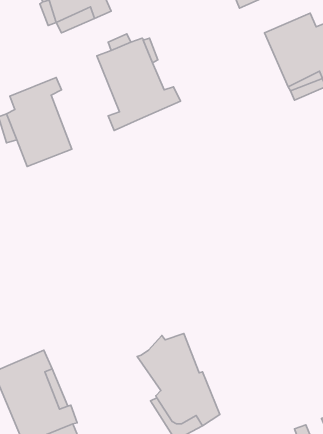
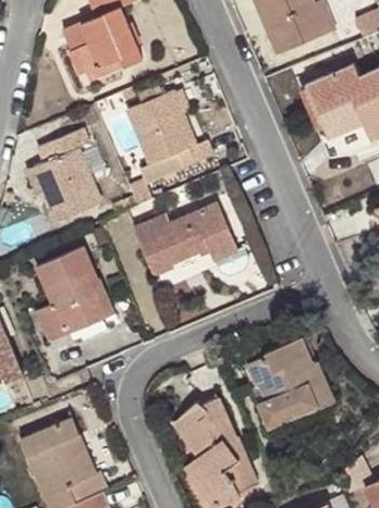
building: none -> [134,203,236,277]
building: none -> [37,248,115,342]
building: none -> [247,338,335,426]

